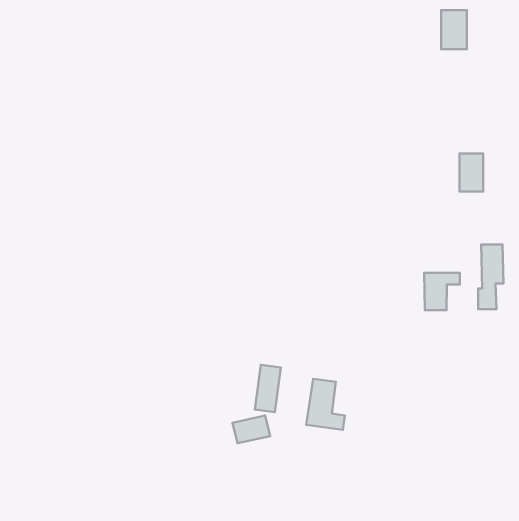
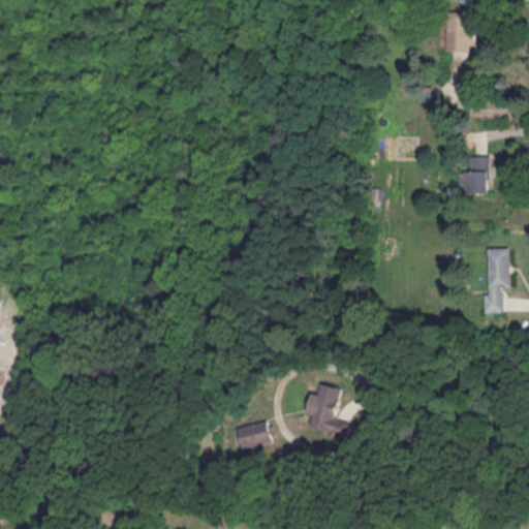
building: [424,273,460,310] -> none
building: [255,365,281,412] -> none

